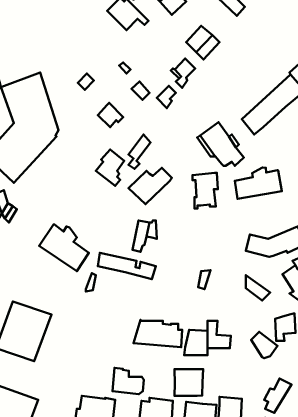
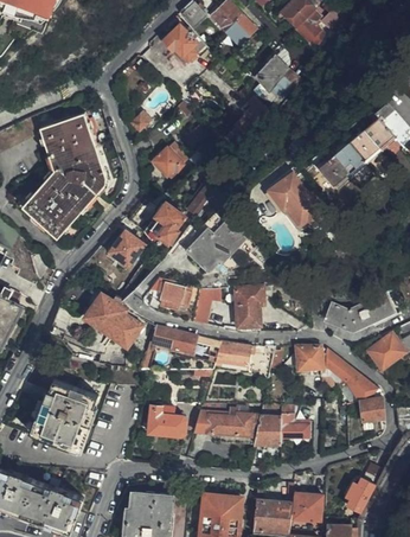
building: [235,168,282,199] -> none
building: none -> [107,230,143,269]
building: [192,173,218,208] -> [232,288,262,330]
building: none -> [150,277,190,309]
building: none -> [220,340,250,365]
building: none -> [295,345,325,369]
building: [251,332,277,358] -> [344,371,374,402]
building: [113,368,144,394] -> [148,404,185,435]
building: [175,369,203,396] -> none

